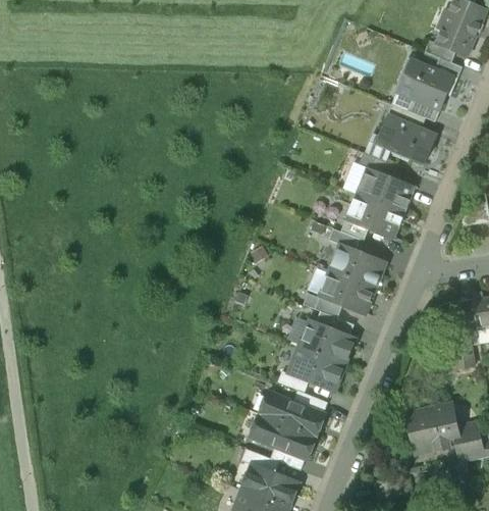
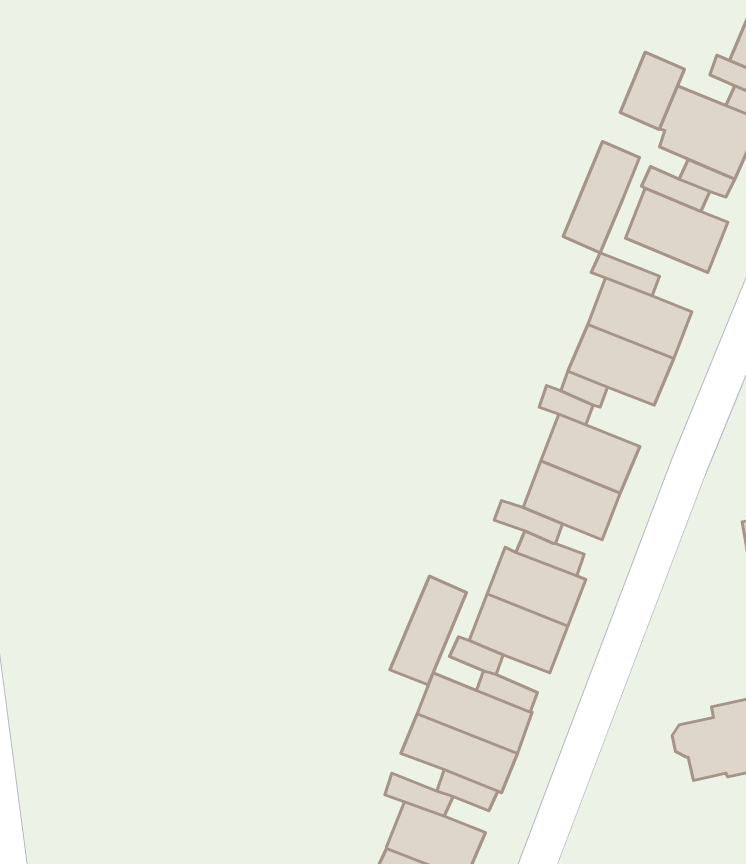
building: none -> [620,52,684,130]
building: none -> [563,141,640,253]
building: none -> [390,576,467,685]

